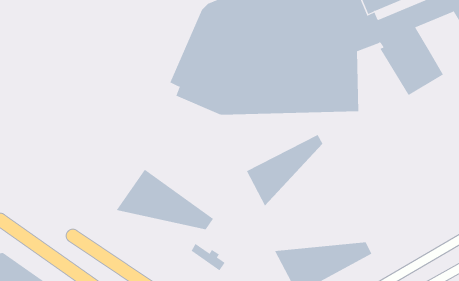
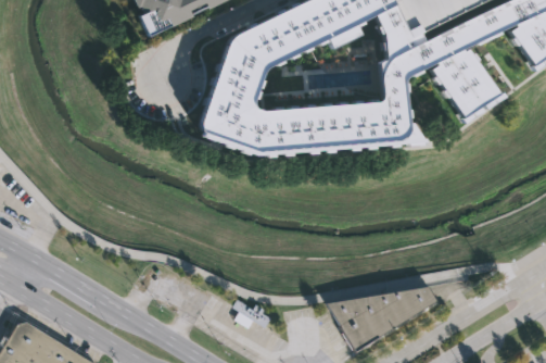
building: [246,134,323,206] -> none
building: [116,169,214,230] -> none

